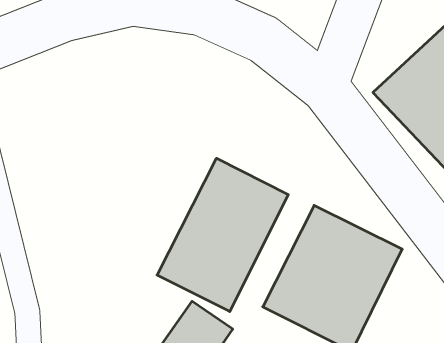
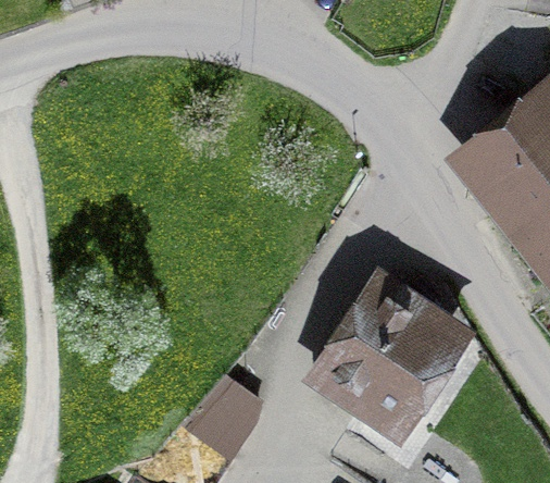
building: [157,158,288,312] -> none

